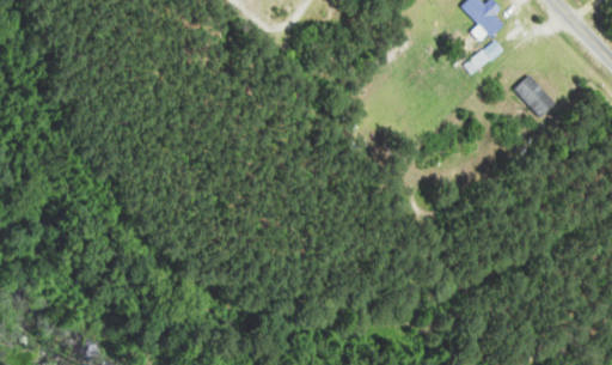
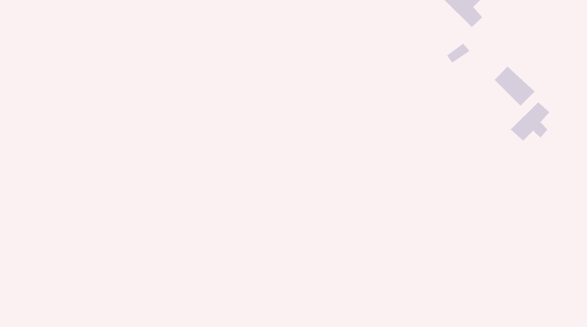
building: none -> [510,101,550,142]

